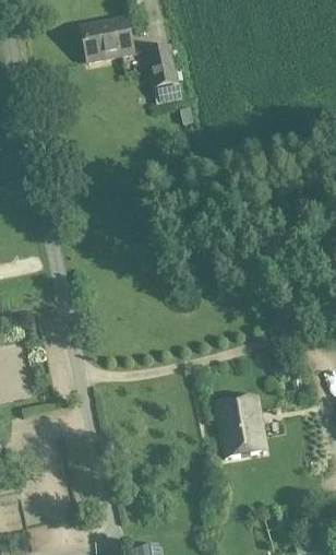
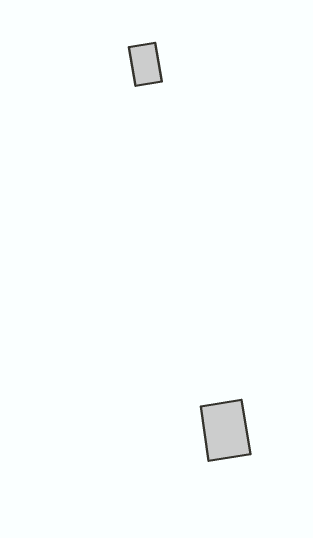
building: [82,19,132,60] -> none

